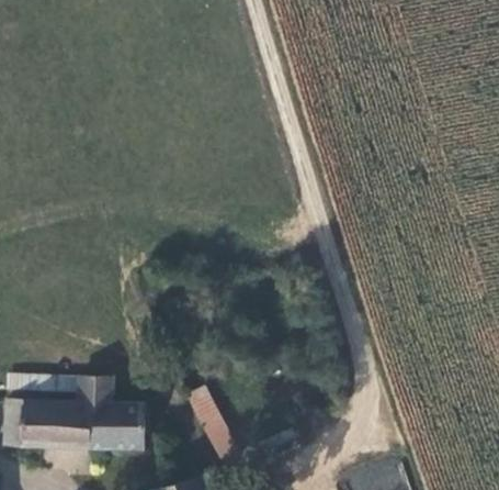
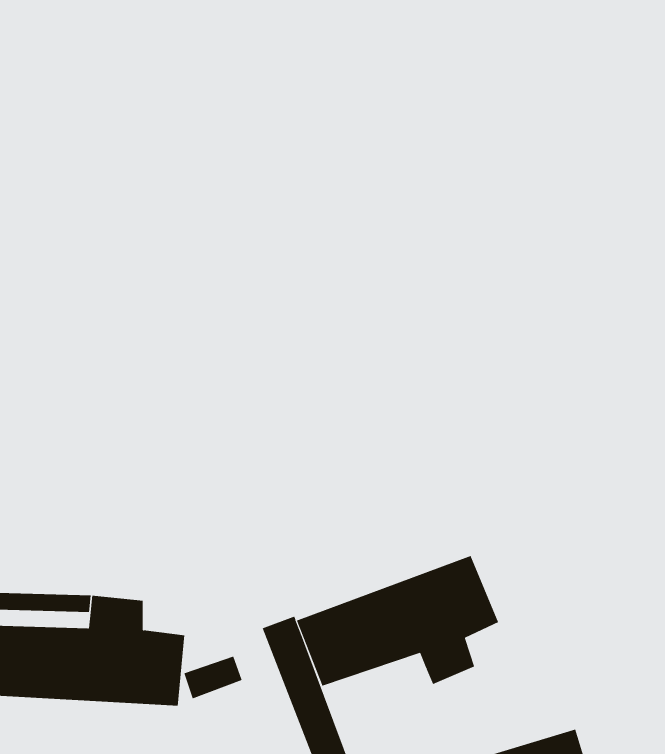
building: none -> [296,555,499,686]

